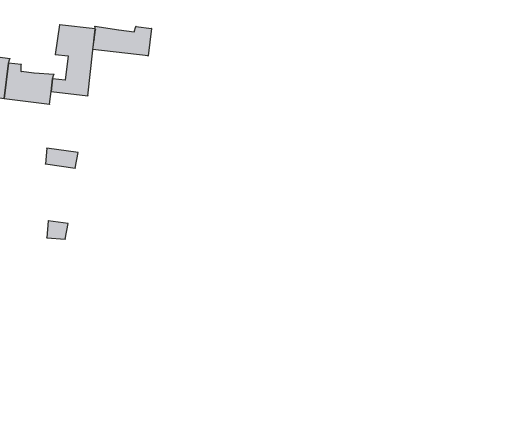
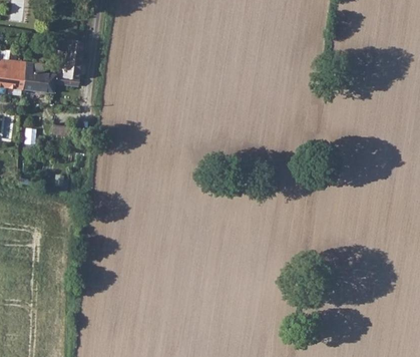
building: [93,26,151,56] -> none

